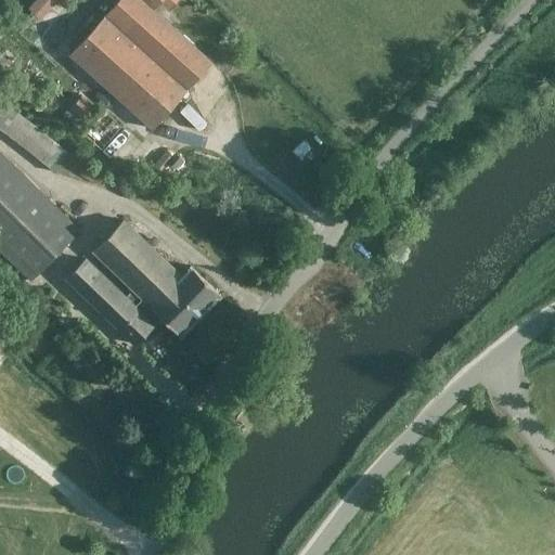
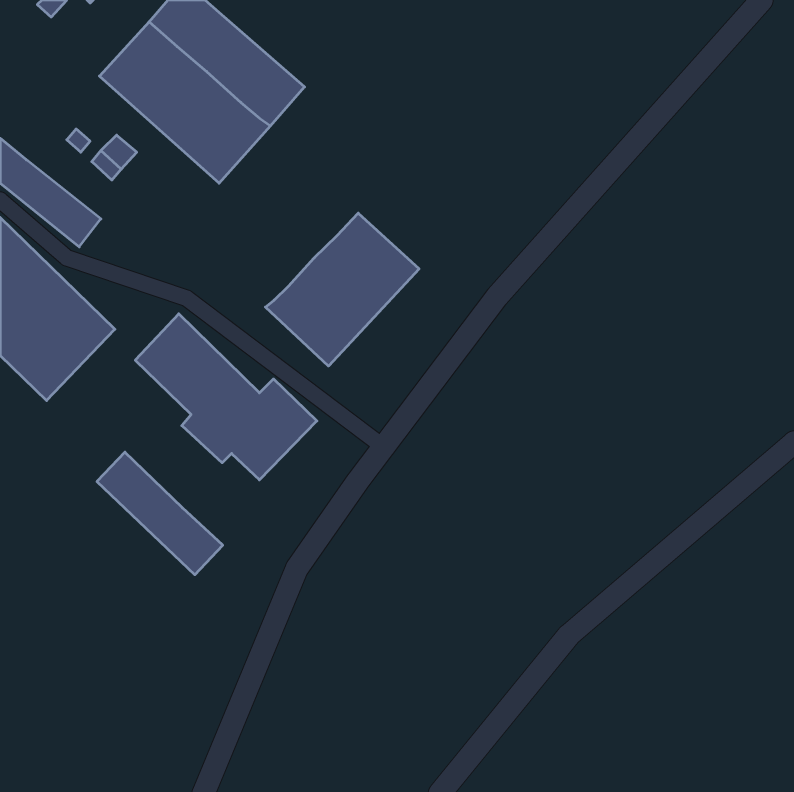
building: none -> [265,213,419,366]
building: [67,259,155,345] -> [97,452,223,575]

